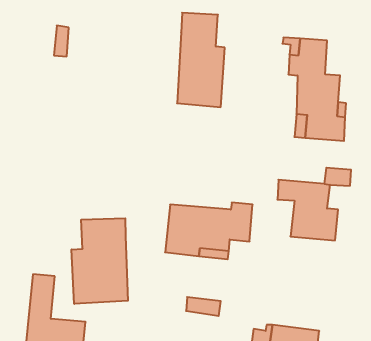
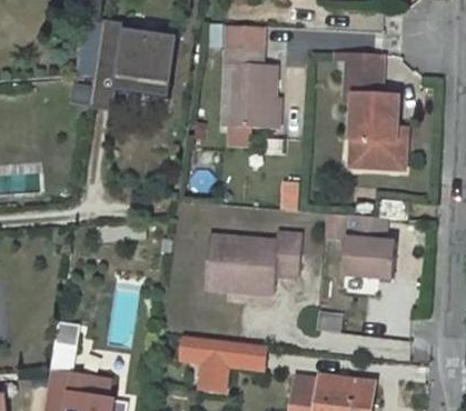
building: none -> [95,19,184,109]
building: [72,218,128,304] -> none
building: none -> [186,338,227,387]

